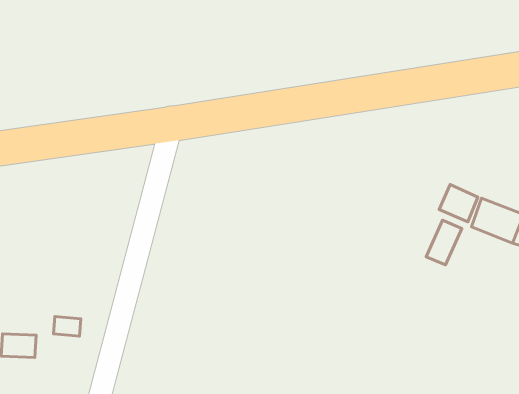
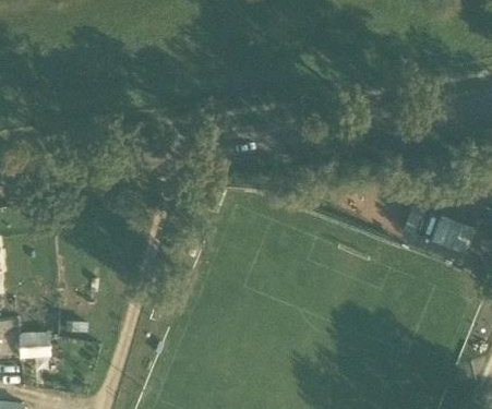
building: [426,220,462,265] -> none

